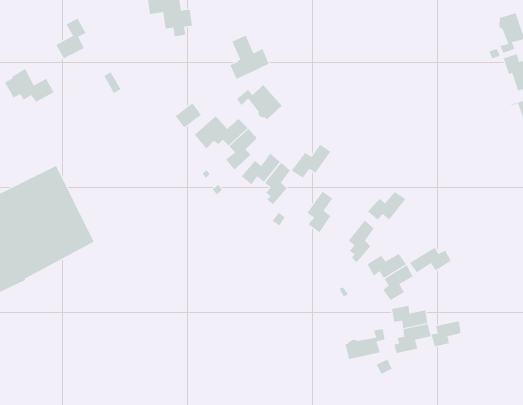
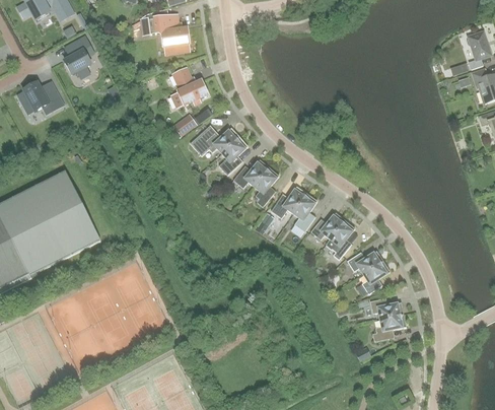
building: [229,35,270,79] -> [170,67,207,108]
building: [236,84,282,120] -> none
building: [291,144,331,178] -> [270,186,306,217]
building: [367,191,406,220] -> [309,212,345,238]
building: [409,247,452,273] -> none
building: [431,320,461,347] -> none
building: [345,329,385,360] -> none

